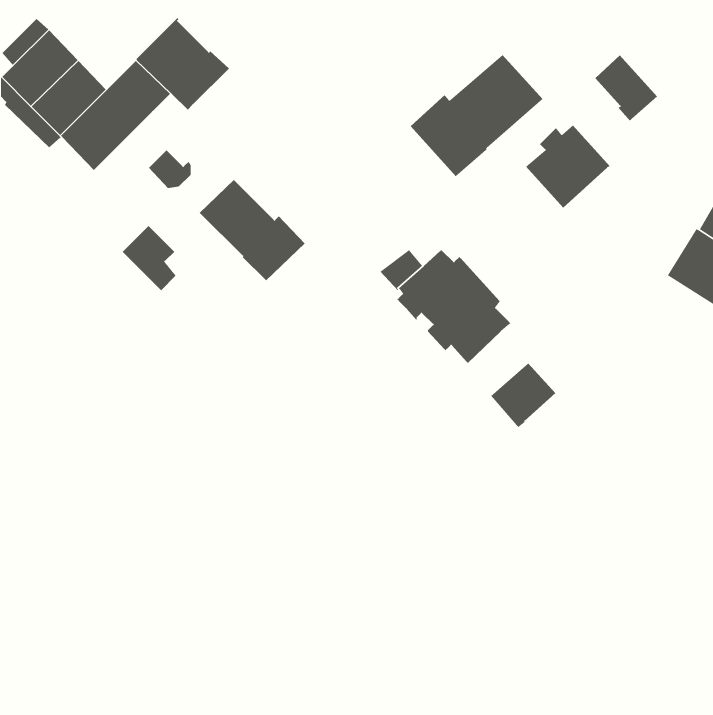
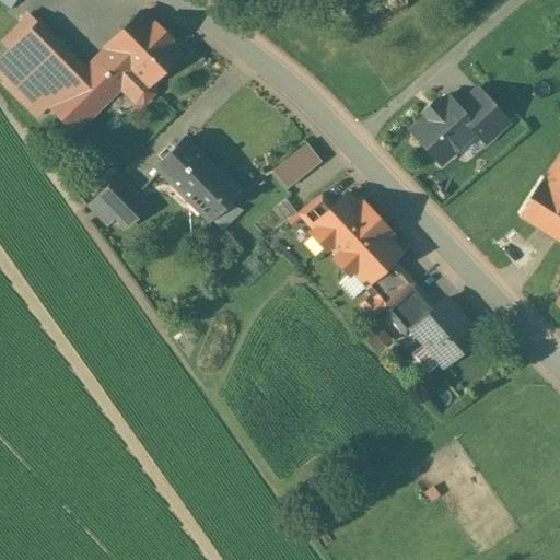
building: [410,54,544,177] -> none
building: [595,54,658,122] -> [459,90,509,142]
building: [148,150,192,189] -> [121,73,155,104]
building: none -> [279,140,329,184]
building: none -> [364,259,415,310]
building: none -> [412,301,479,366]

